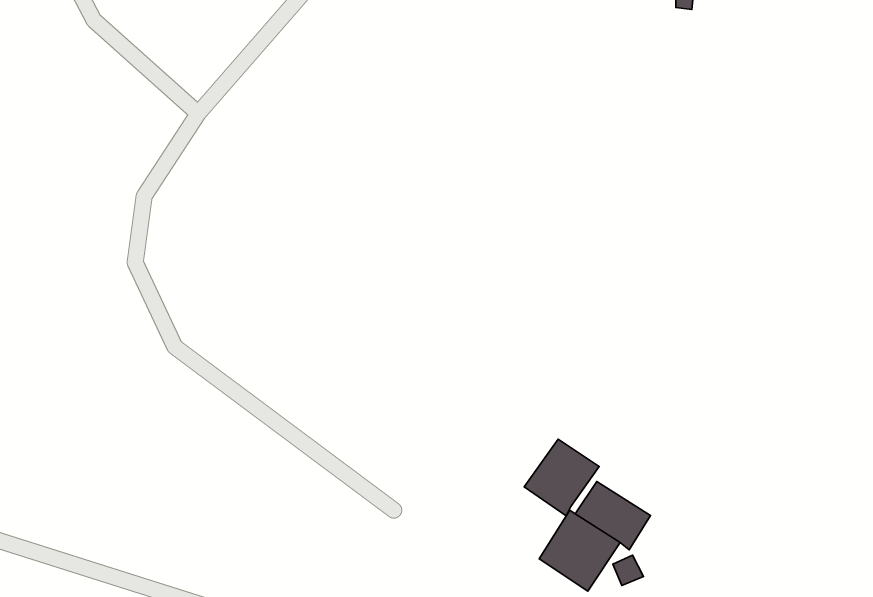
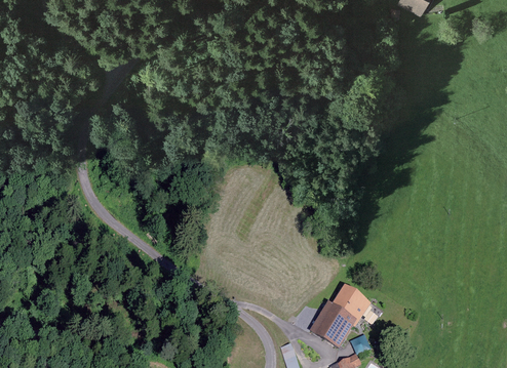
building: [524,439,599,516] -> none

